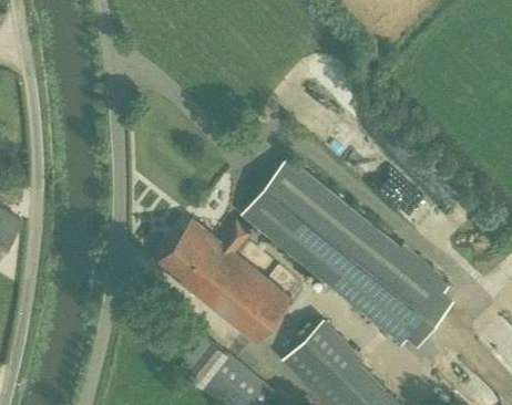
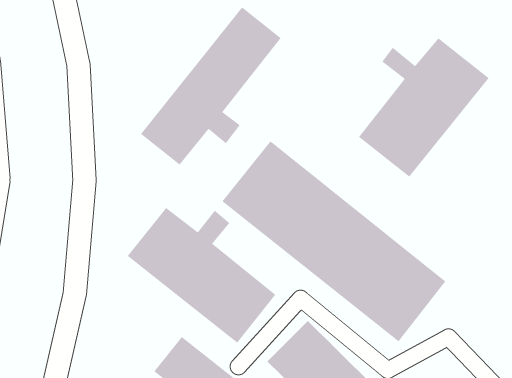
building: none -> [140,7,282,166]
building: none -> [358,37,489,178]

